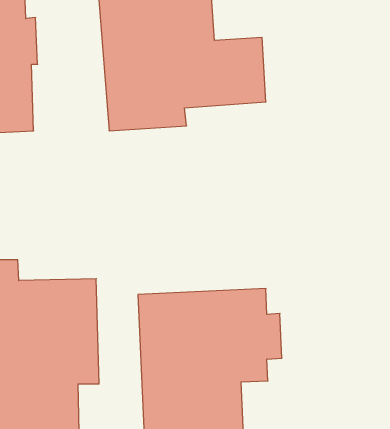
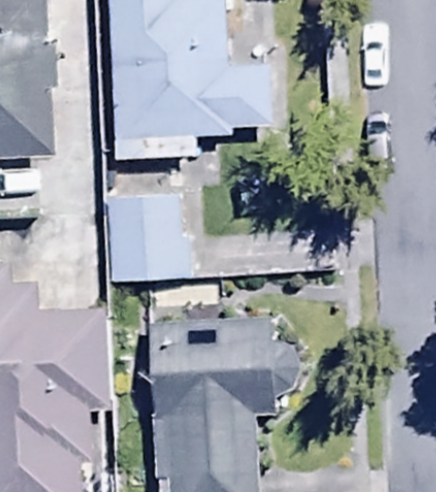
building: none -> [108,193,184,281]

